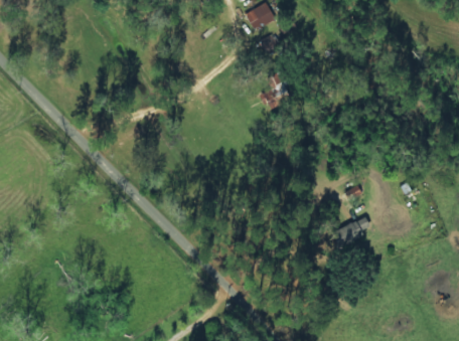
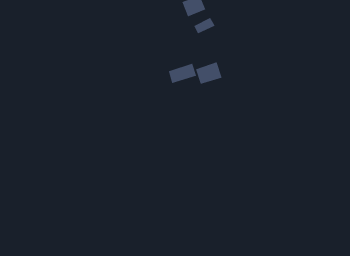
building: none -> [168,63,197,84]
building: [337,216,370,243] -> none

